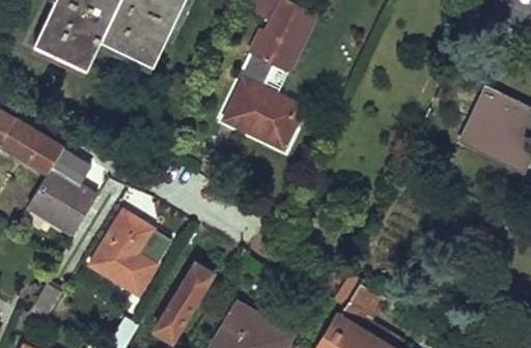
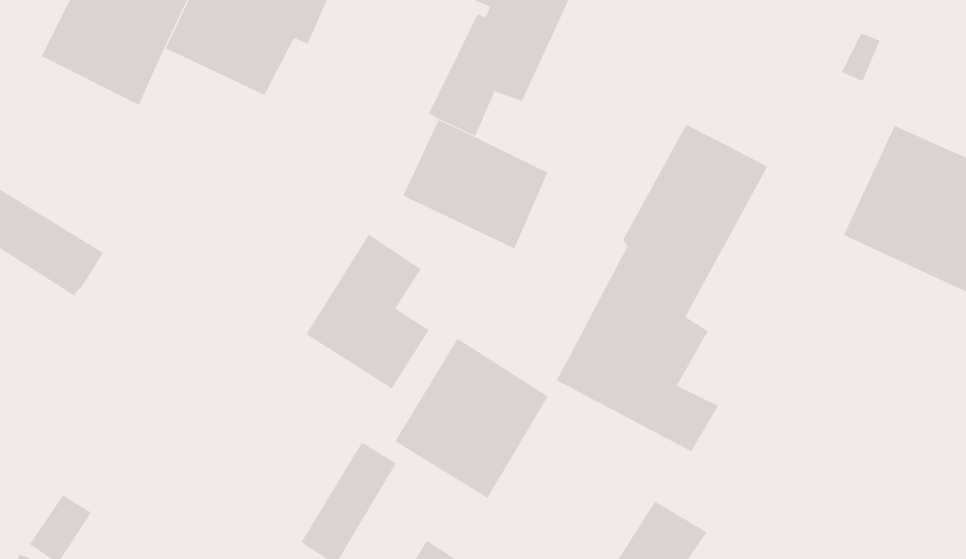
building: none -> [556,124,768,452]
building: [29,170,99,237] -> none
building: none -> [395,338,548,499]
building: [90,213,156,295] -> [306,234,429,389]

